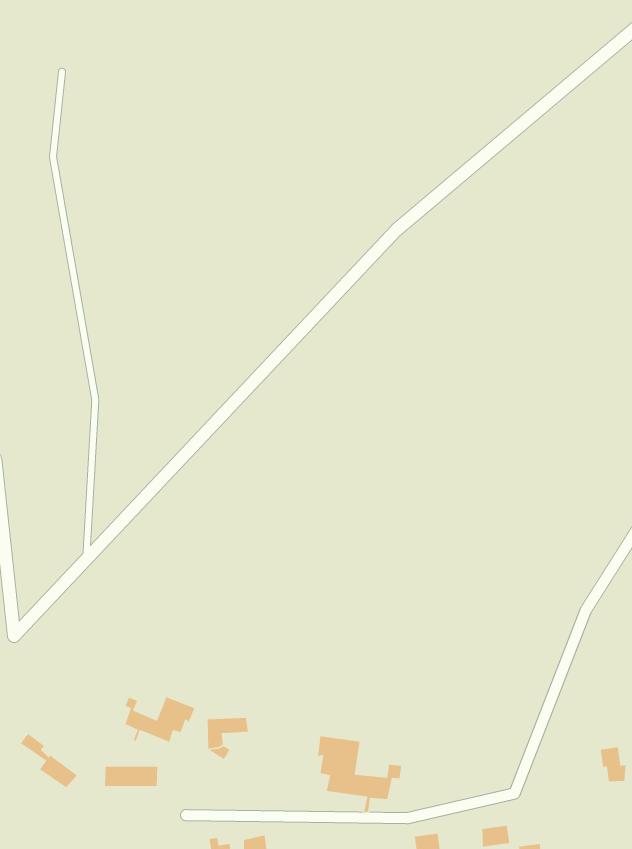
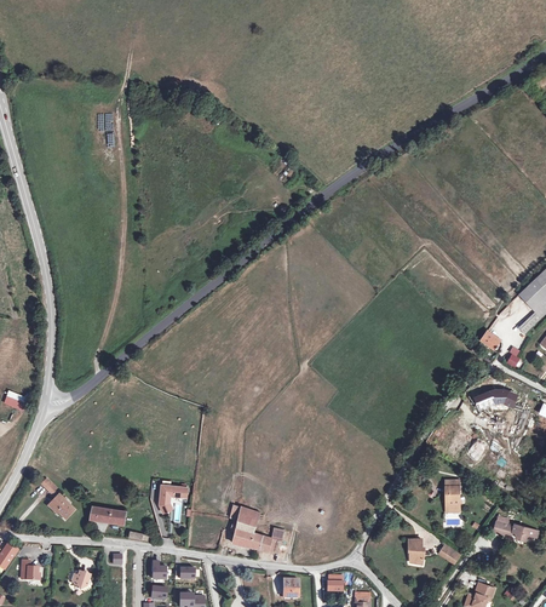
building: [124,696,196,743] -> none

